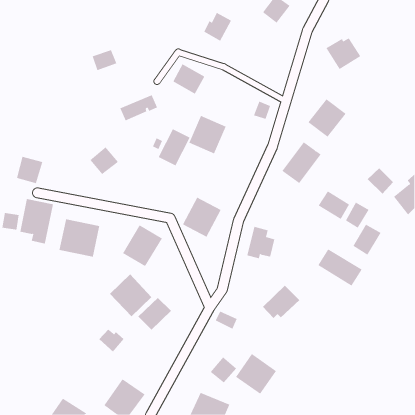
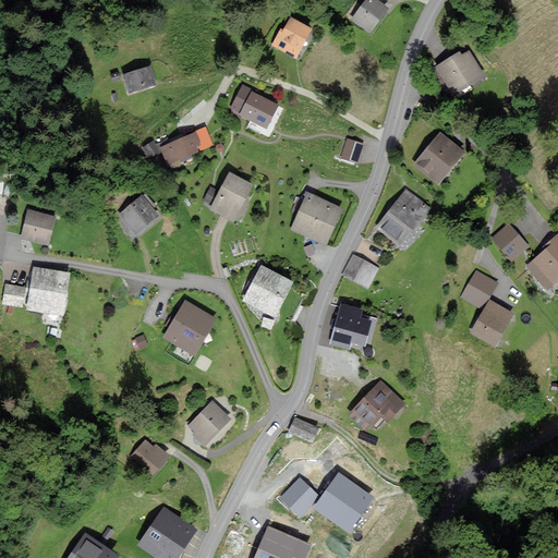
building: [188,115,227,154] -> [293,193,344,245]
building: none -> [343,255,376,284]
building: [318,191,350,220] -> none
building: [59,218,100,257] -> none
building: [317,248,362,286] -> none
building: [109,274,152,317] -> none

